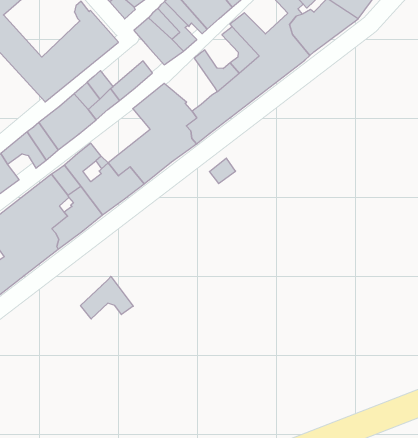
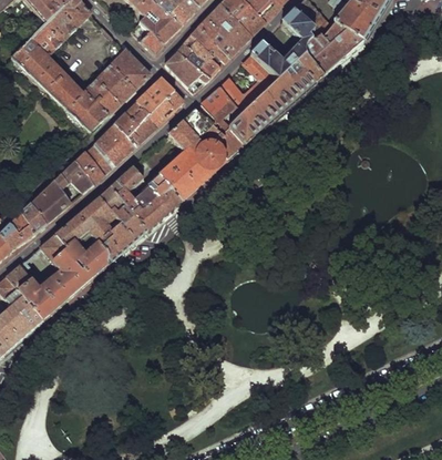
building: none -> [136,76,174,114]
building: none -> [194,84,235,132]
building: [81,276,133,319] -> none

